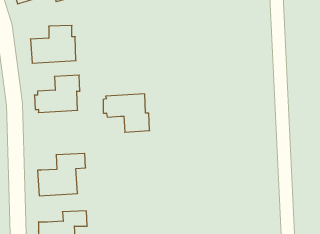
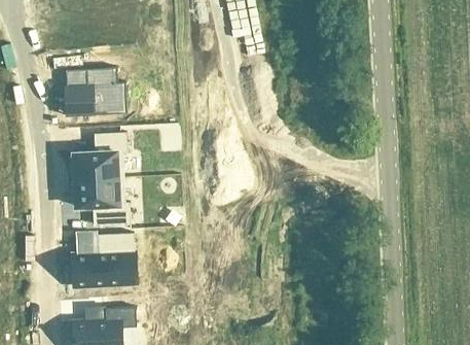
building: [103,94,150,132] -> [64,177,123,227]

